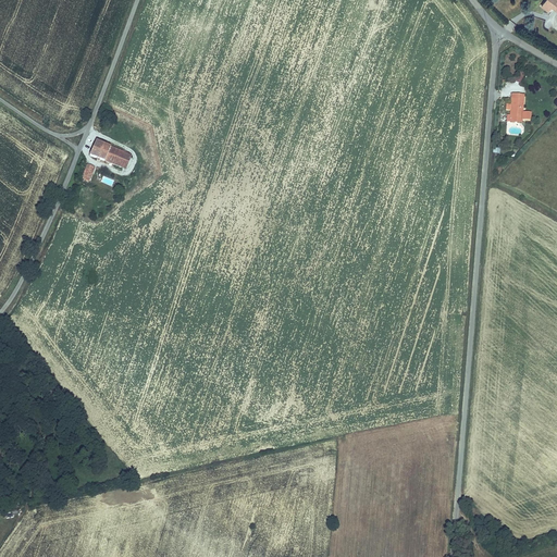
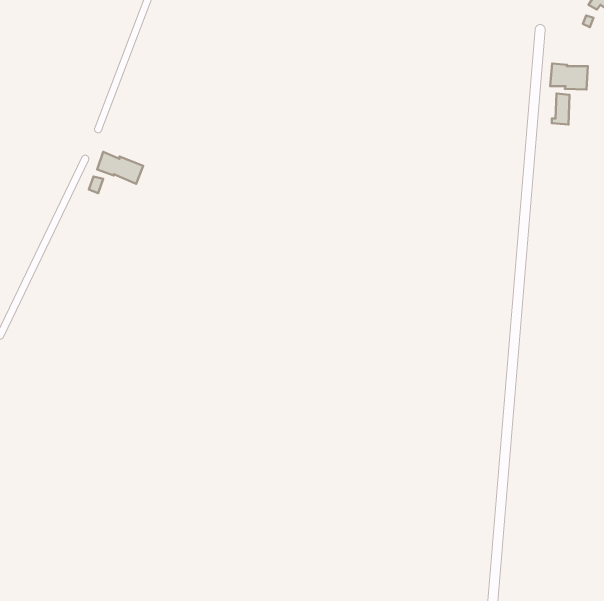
building: none -> [550,64,588,89]

